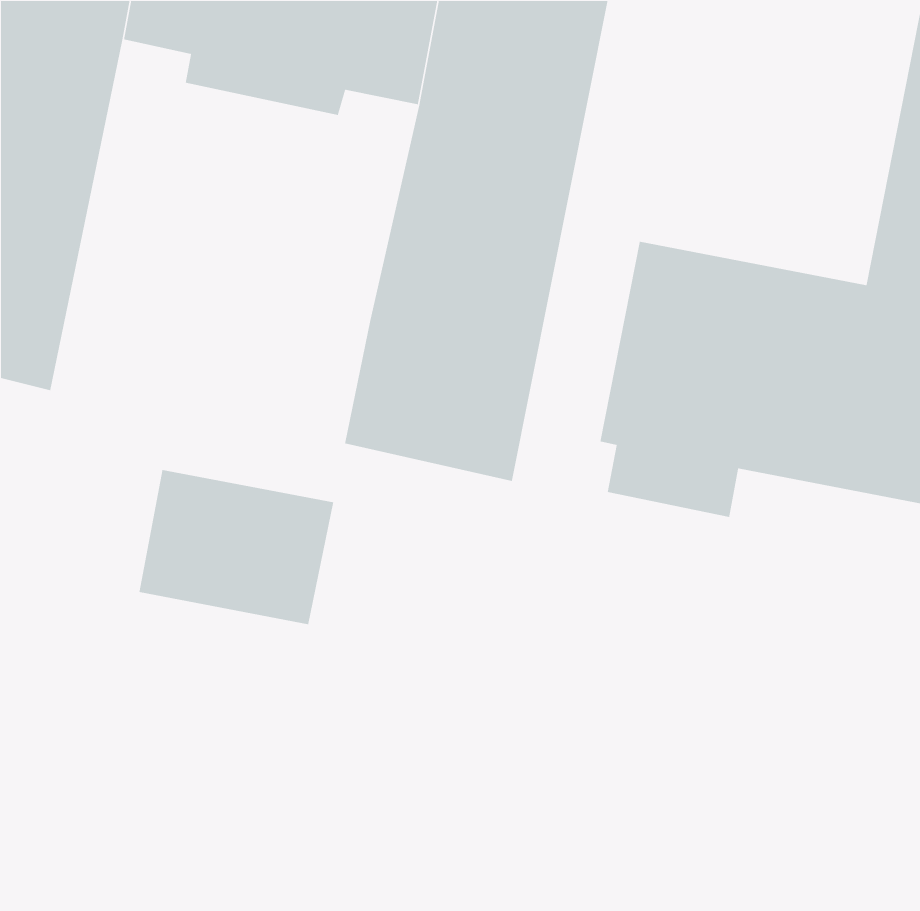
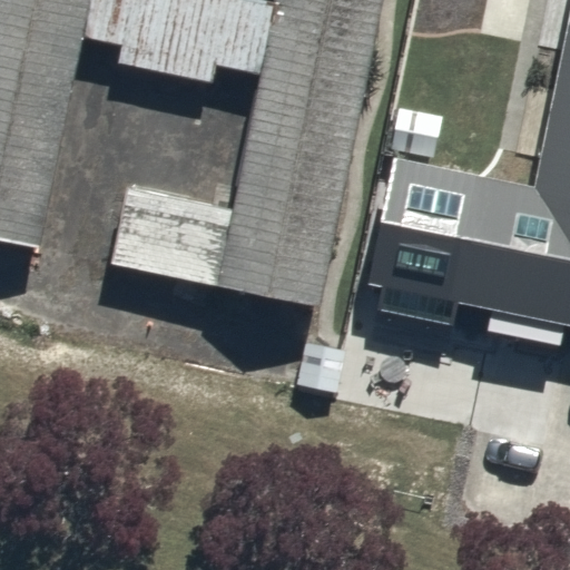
building: [138,469,334,625] -> [110,186,230,282]

